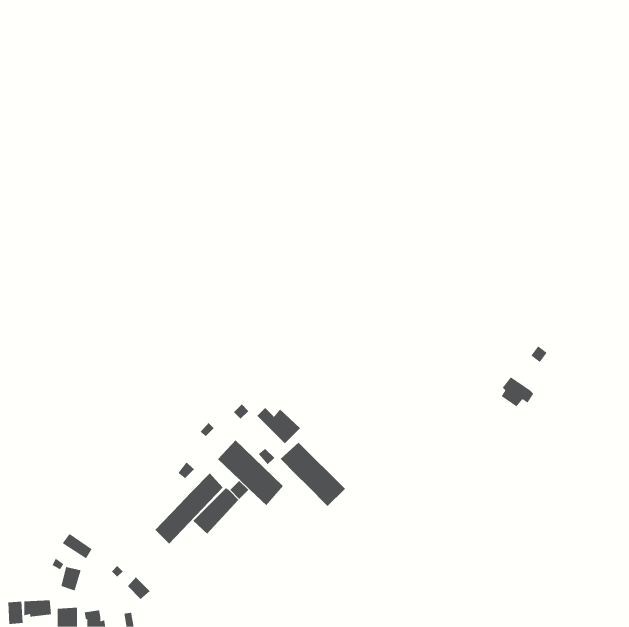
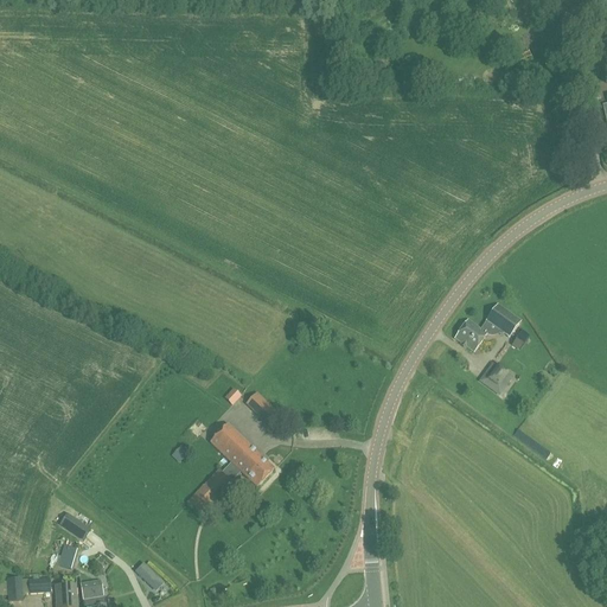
building: none -> [453,302,519,350]
building: [280,442,346,507] -> none
building: [154,472,224,545] -> none

